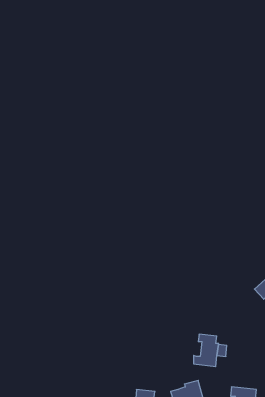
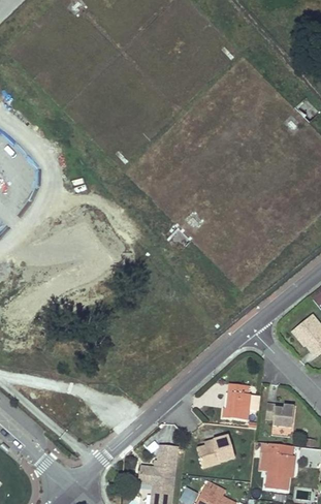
building: none -> [265,402,293,427]

